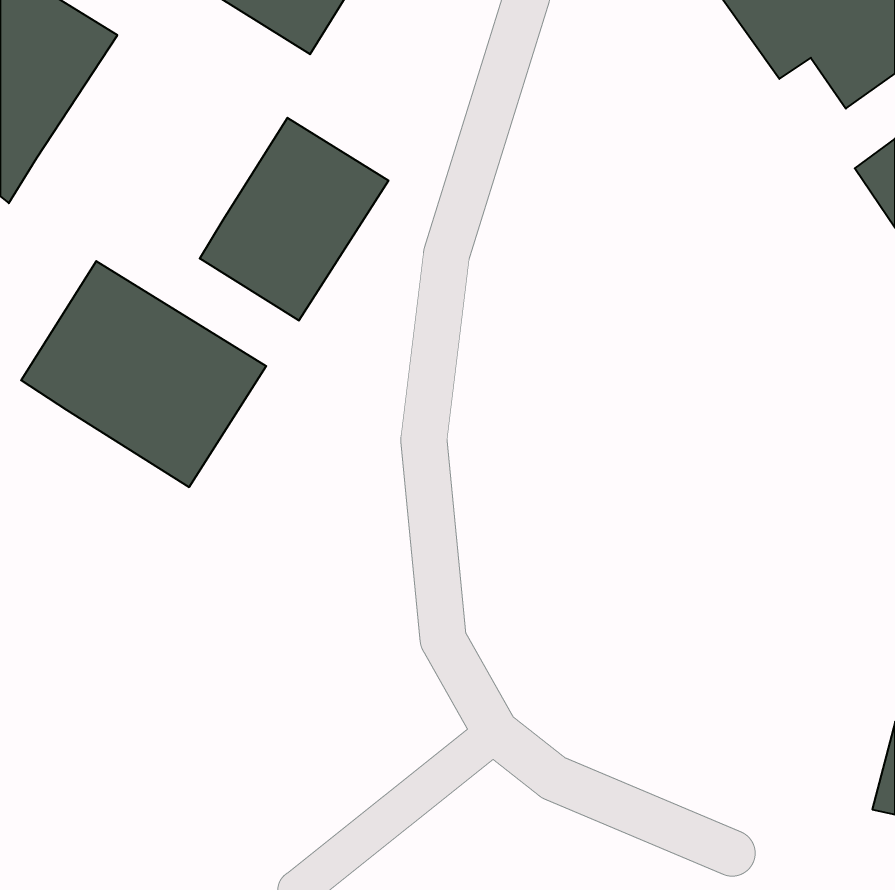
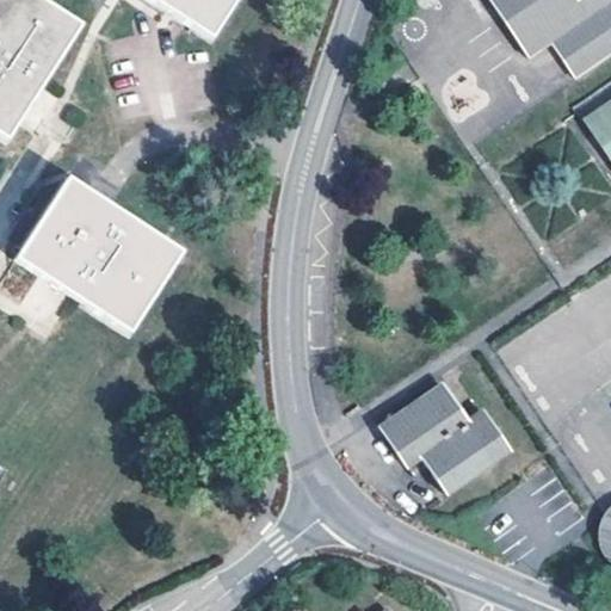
building: [200,118,388,321] -> none
building: none -> [379,384,507,490]

